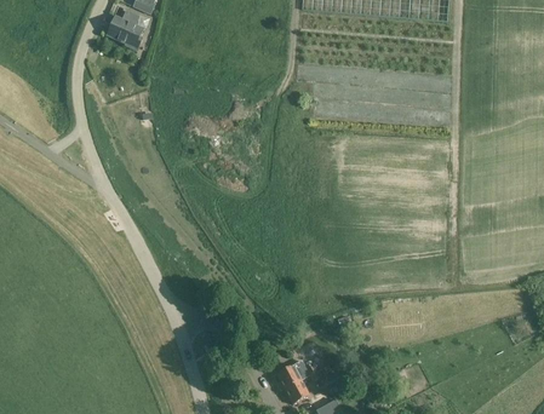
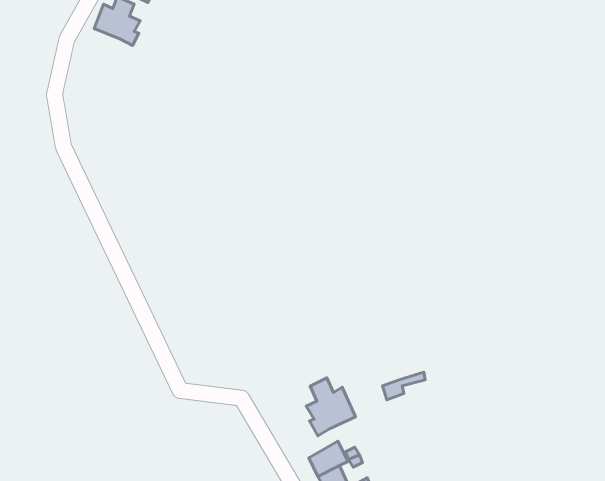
building: none -> [306,378,355,436]

